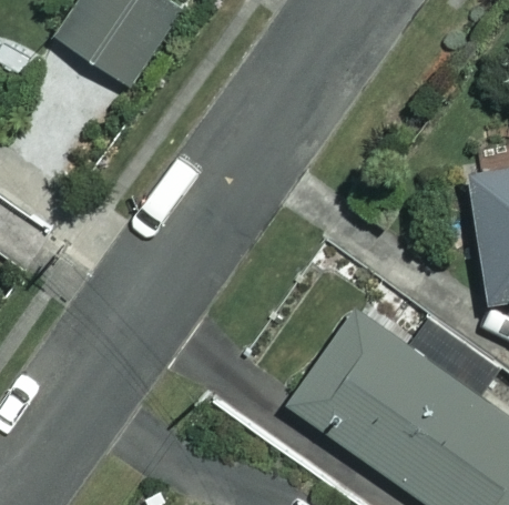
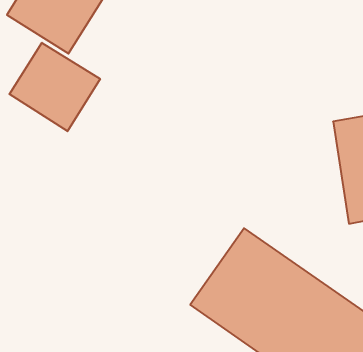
building: none -> [9,43,100,131]

